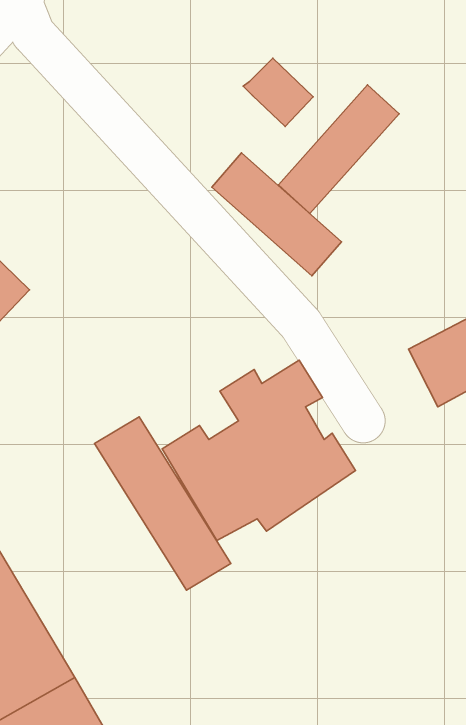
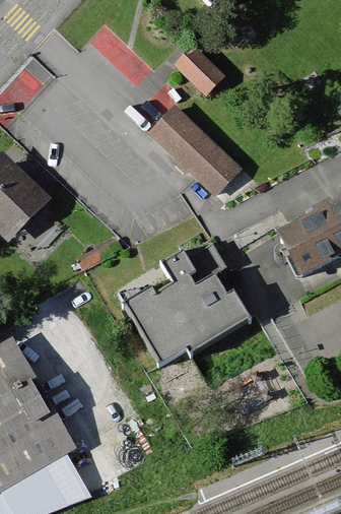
building: [278,85,399,214] -> none
building: [95,417,231,590] -> none

